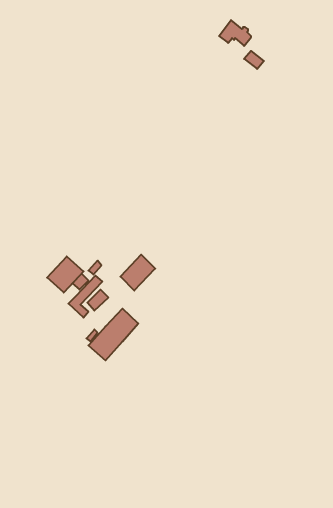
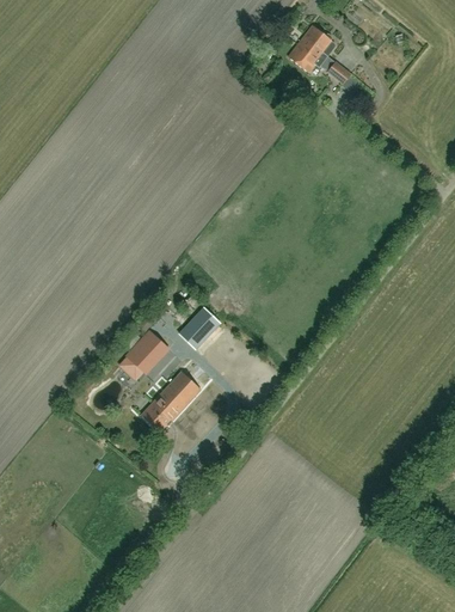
building: none -> [288,44,328,72]
building: [47,256,84,293] -> none

